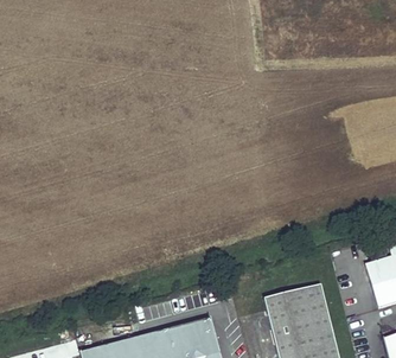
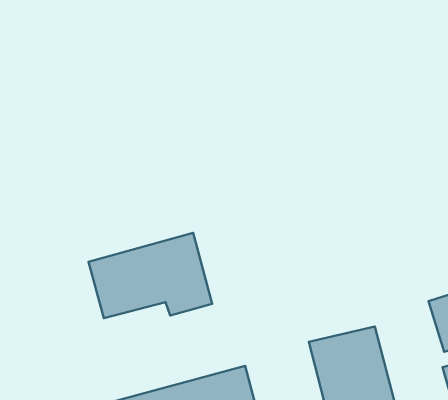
building: none -> [89,233,212,318]

